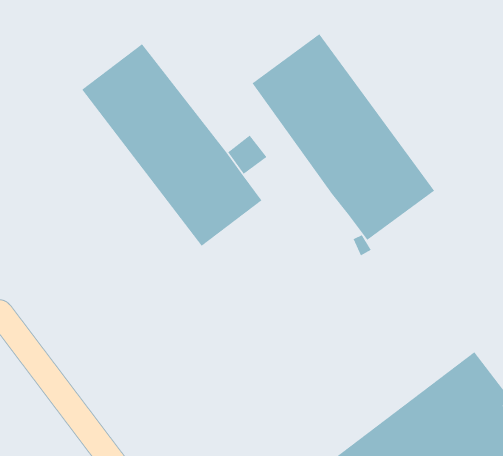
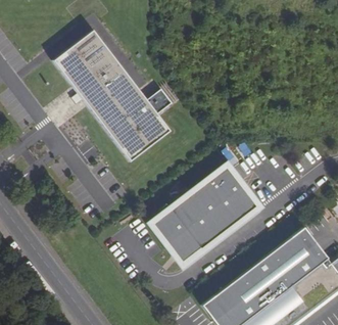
building: [252,33,435,241] -> none
building: none -> [151,165,257,256]

